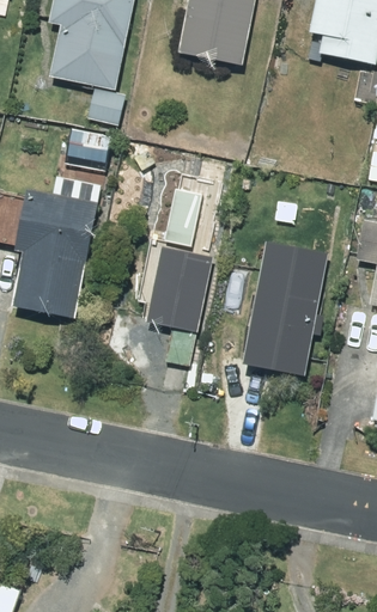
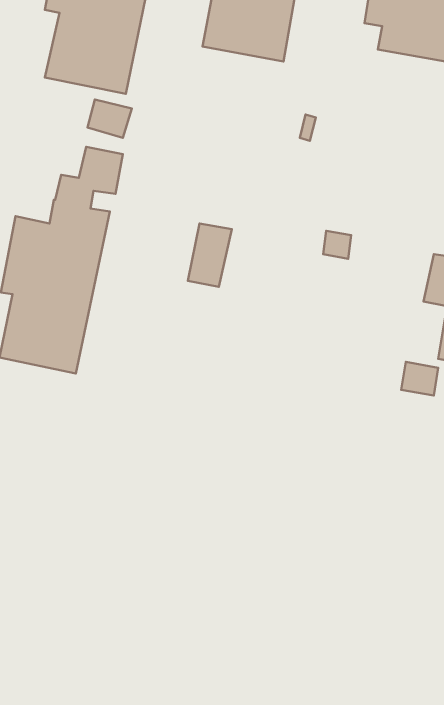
building: [242,240,329,375] -> none
building: [145,246,213,332] -> none

